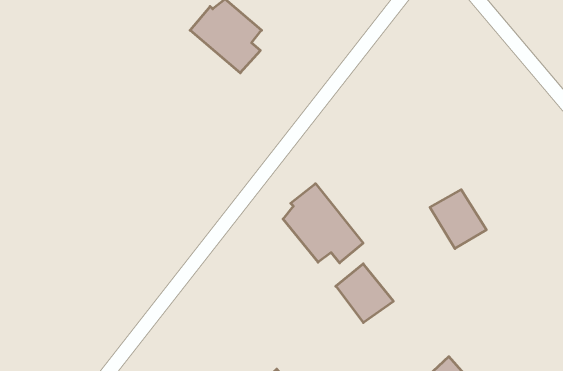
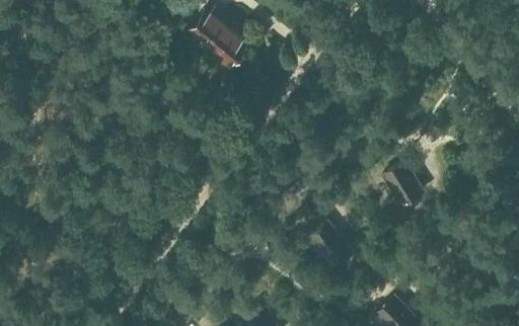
building: [283,184,363,263] -> none

